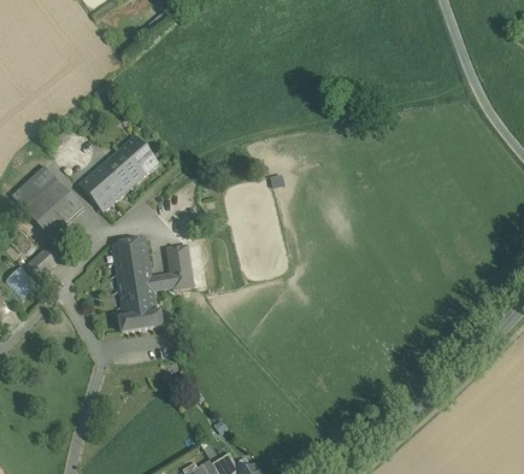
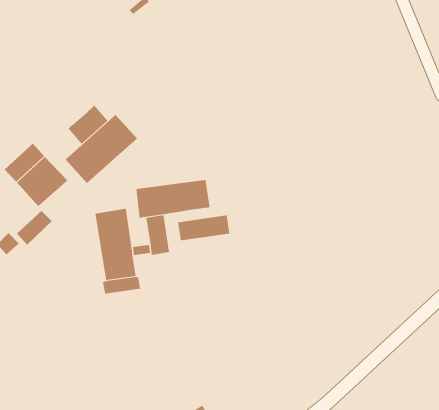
building: none -> [67,104,108,145]
building: none -> [136,179,210,218]
building: none -> [177,215,230,241]

